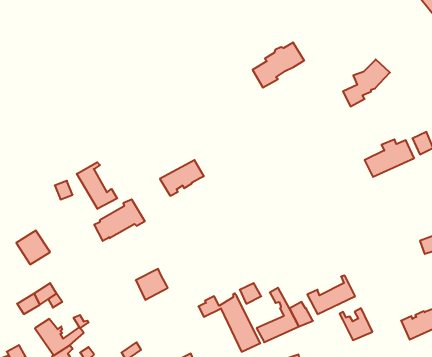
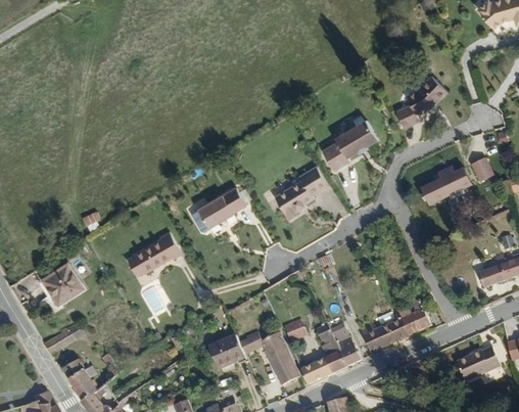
building: [253,42,304,88] -> [322,121,378,170]
building: none -> [274,166,326,218]
building: [77,162,117,209] -> none
building: [136,269,168,300] -> [211,338,246,372]
building: [340,308,372,340] -> [395,300,431,334]

